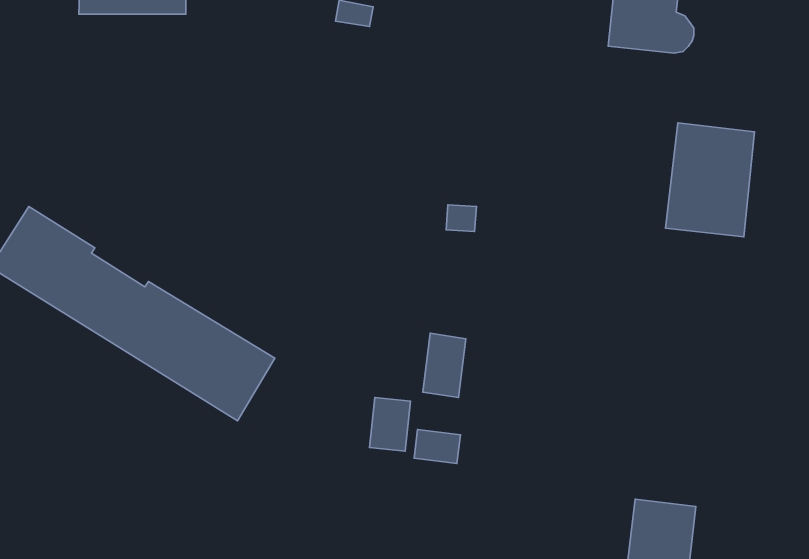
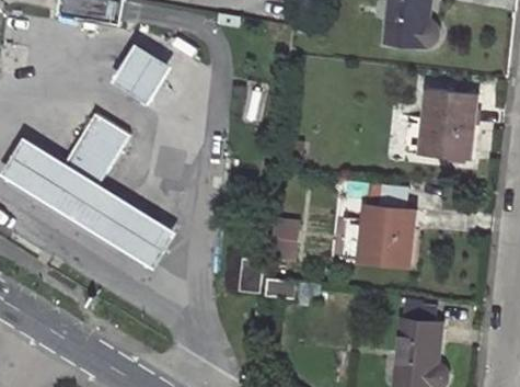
building: none -> [118,46,175,103]
building: none -> [66,114,131,189]
building: none -> [338,204,412,265]

